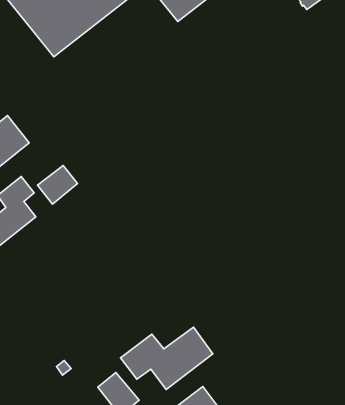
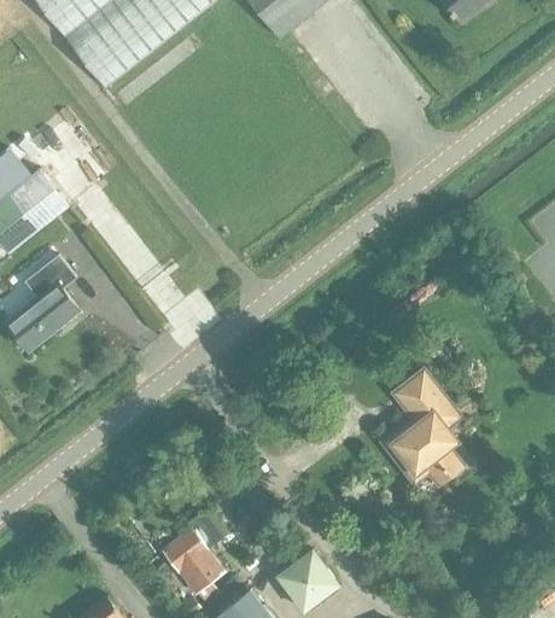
building: [37,166,78,204] -> none
building: none -> [382,371,460,482]
building: [121,327,213,389] -> none

